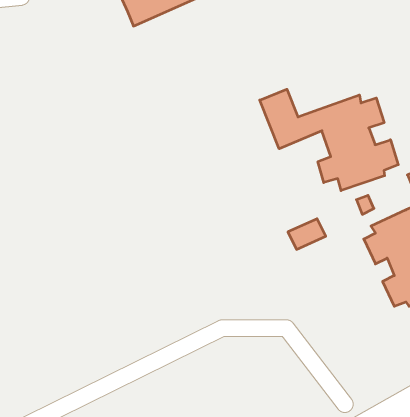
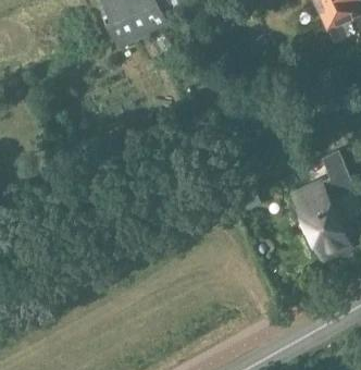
building: [260,89,398,191] -> none

